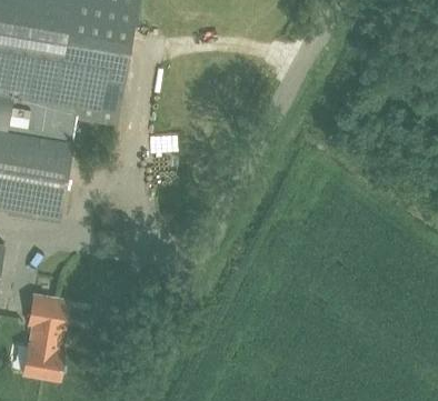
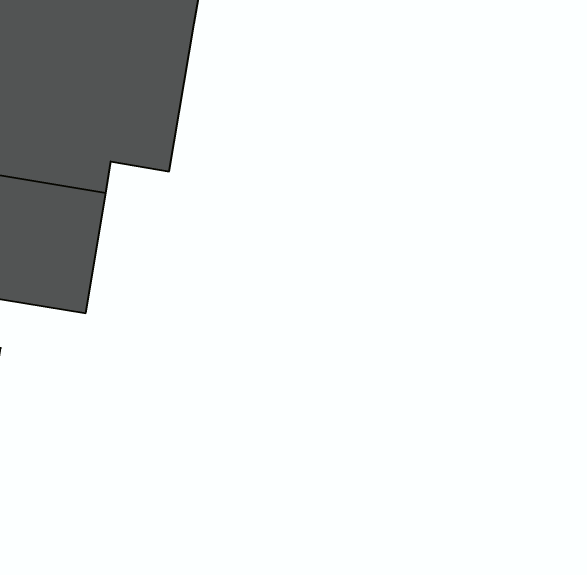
building: [24,295,69,377] -> none

